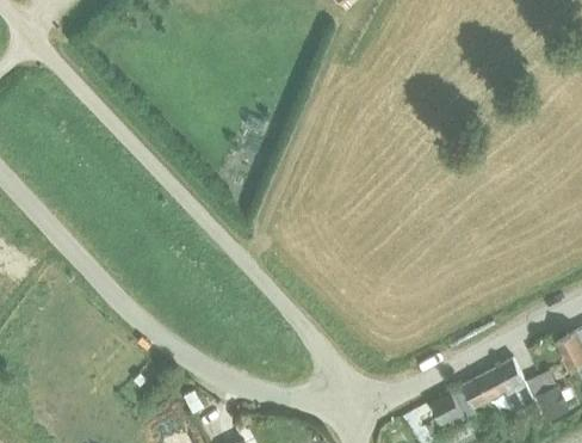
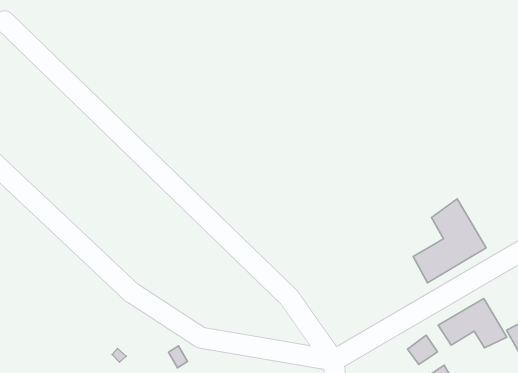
building: none -> [413,199,486,283]

